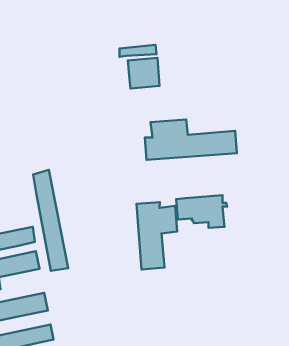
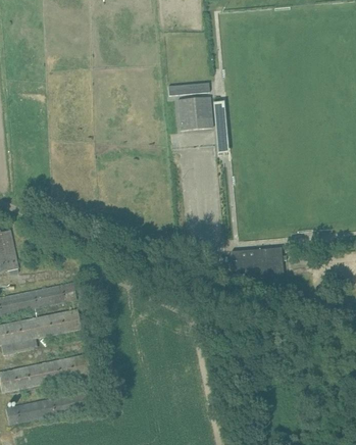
building: [145,120,237,160] -> none
building: [33,170,68,271] -> none
building: [137,202,177,269] -> none

